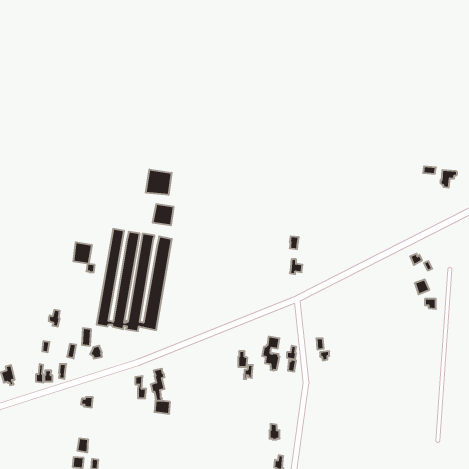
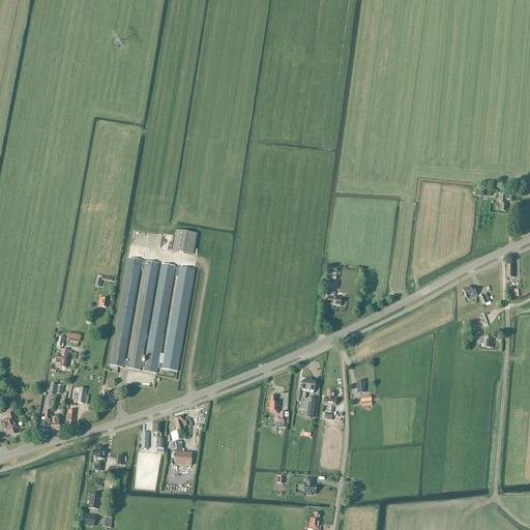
building: [146,169,172,195] -> none
building: [73,242,92,264] -> none

